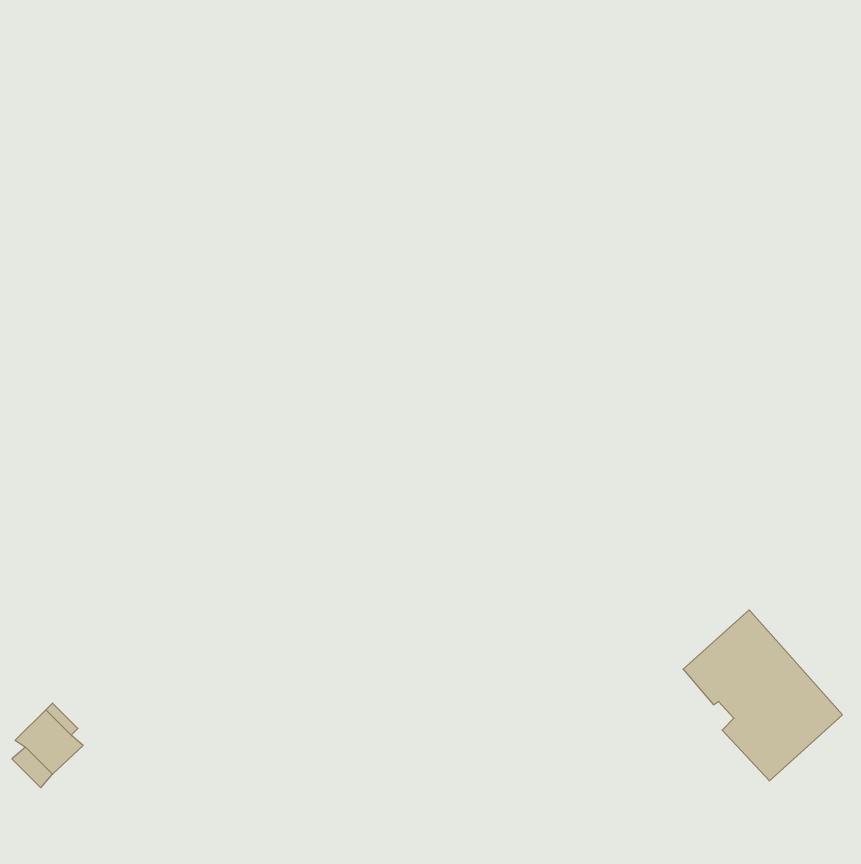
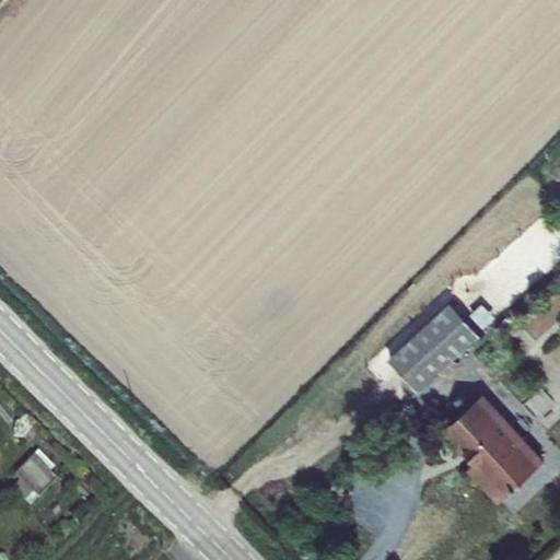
building: none -> [387,304,479,392]

